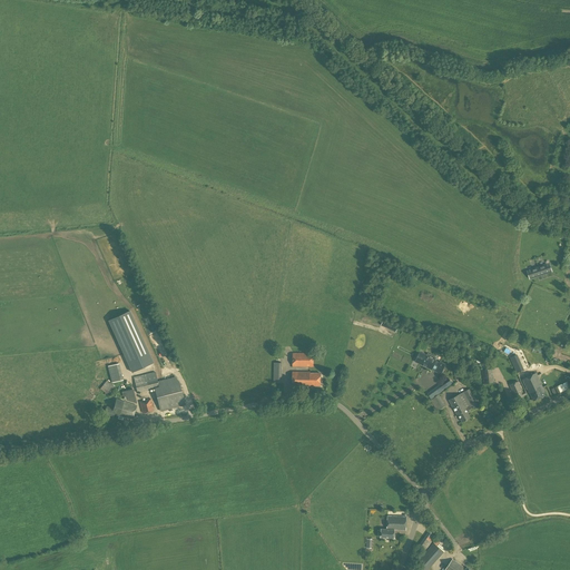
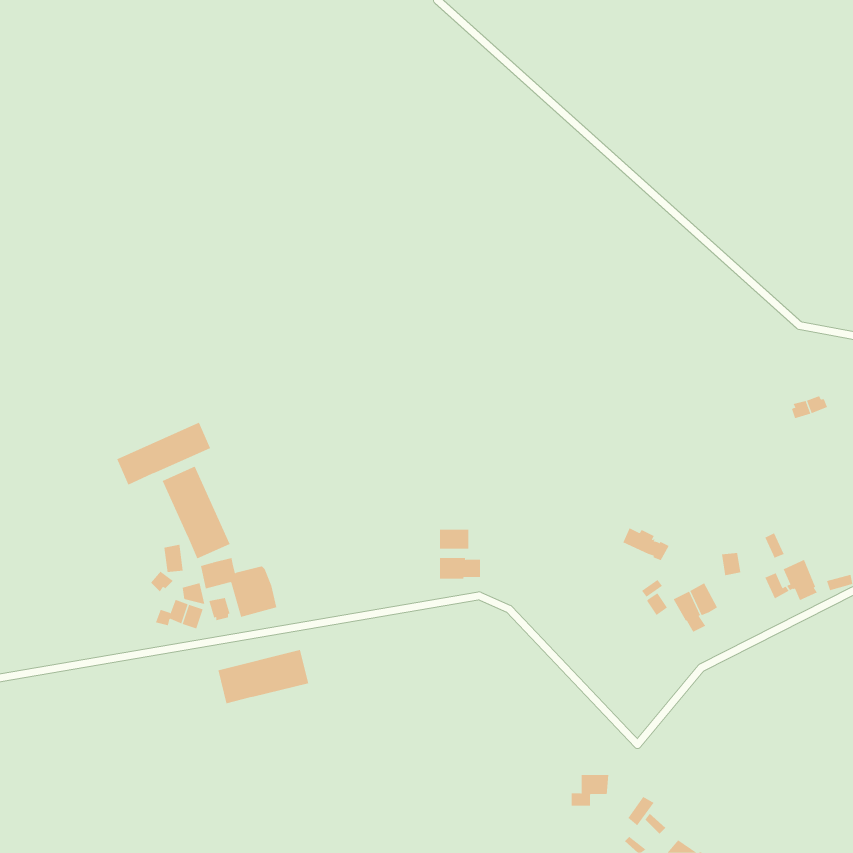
building: none -> [117,422,211,485]
building: none -> [218,649,309,704]

